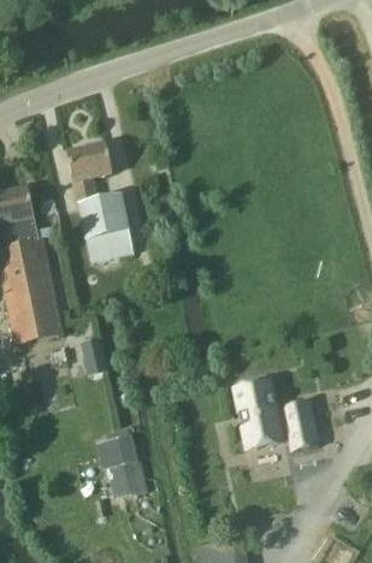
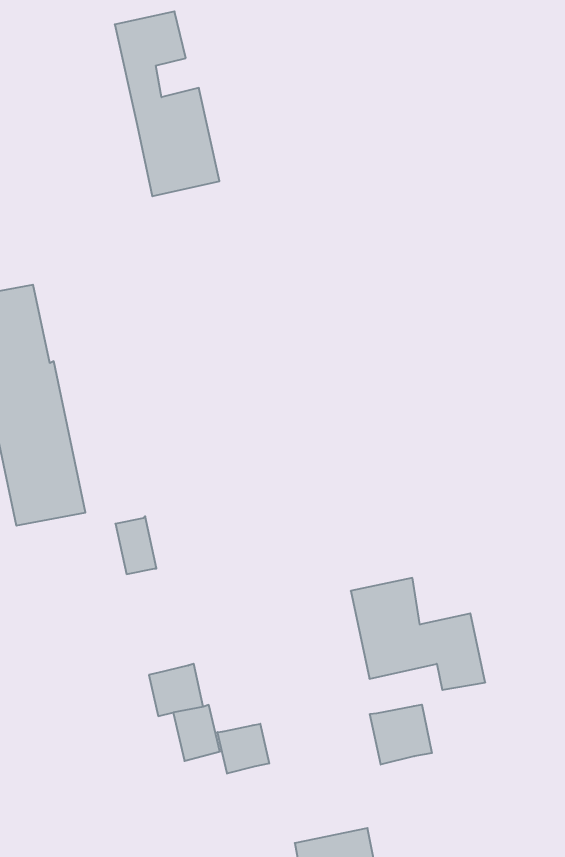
building: [67,143,135,262] -> [115,11,219,196]
building: none -> [370,705,432,765]
building: none -> [217,724,269,774]

